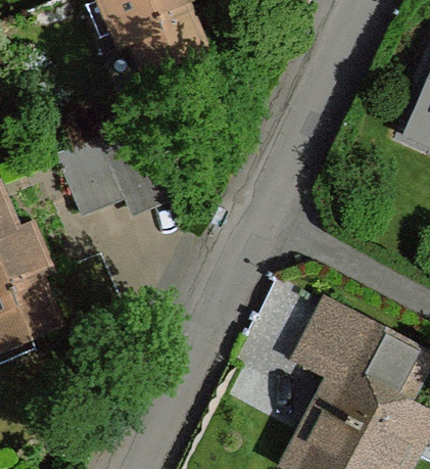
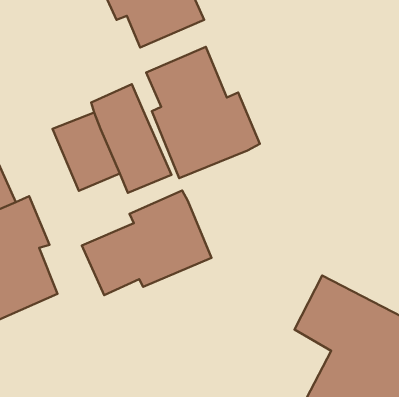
building: none -> [146,47,260,178]
building: none -> [82,191,212,295]

